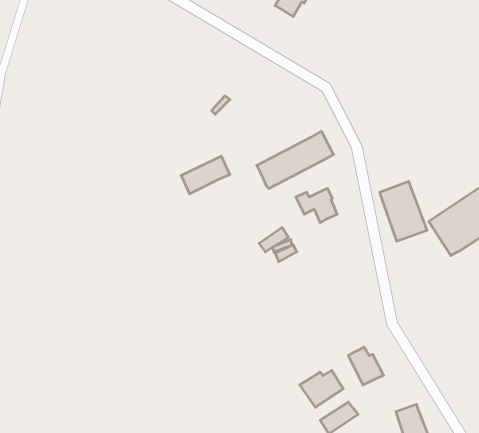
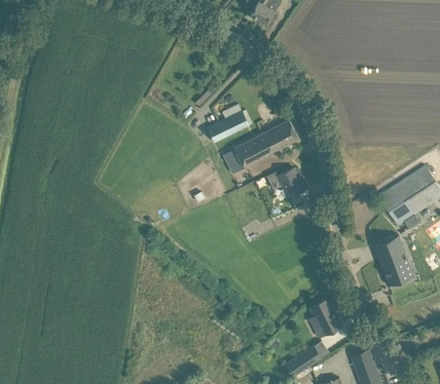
building: [181,156,230,194] -> [207,110,248,142]
building: [380,181,427,241] -> [376,233,416,283]
building: [300,370,343,407] -> none

